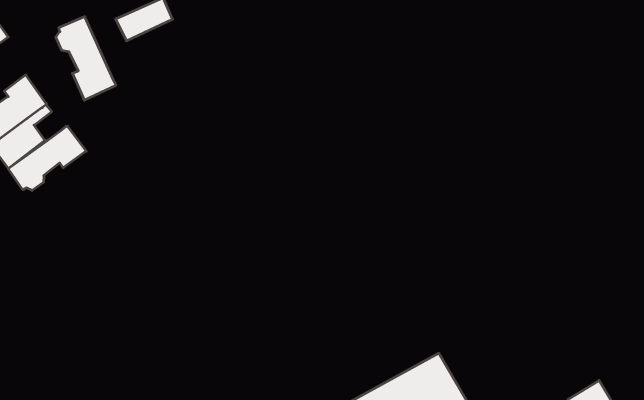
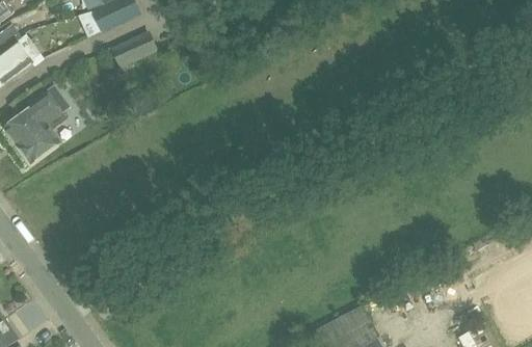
building: [56,17,116,100] -> none
building: [8,126,86,191] -> none

